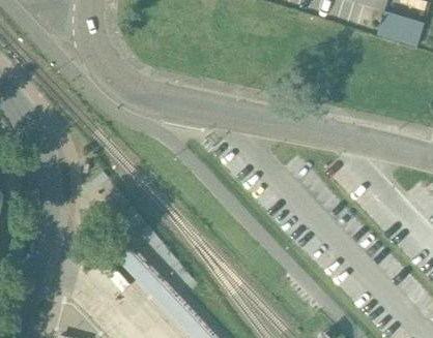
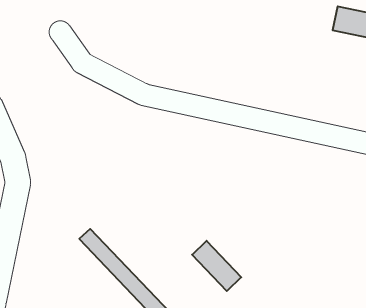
building: none -> [192,241,241,291]

